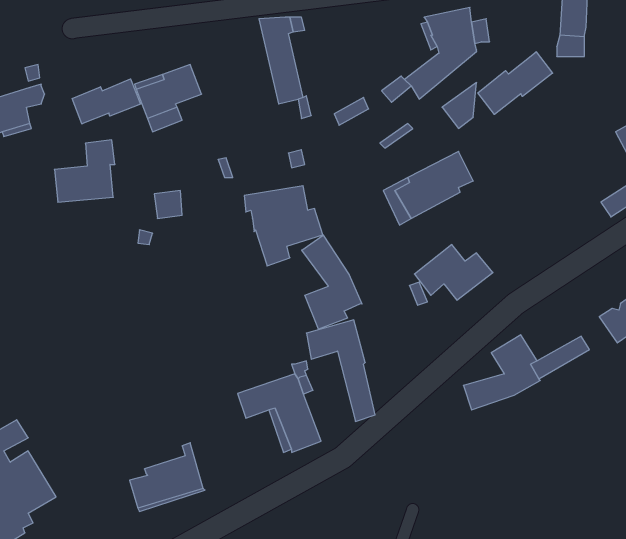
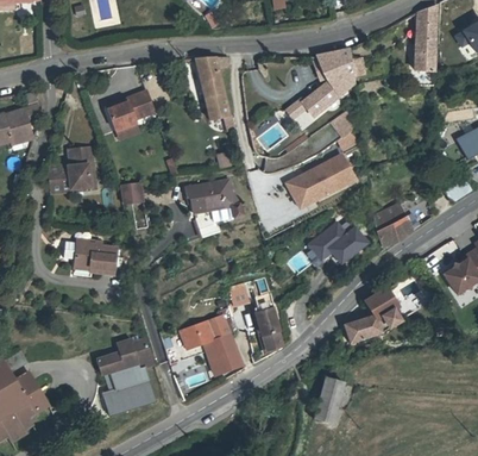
building: [478,52,553,114] -> none
building: [72,79,140,124] -> none
building: none -> [375,202,413,245]
building: [302,235,362,329] -> none
building: none -> [64,239,117,271]
building: none -> [96,337,155,385]
building: none -> [316,381,348,427]

